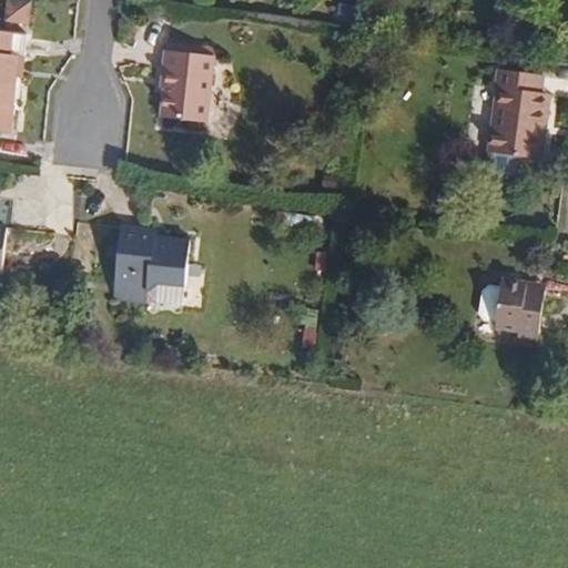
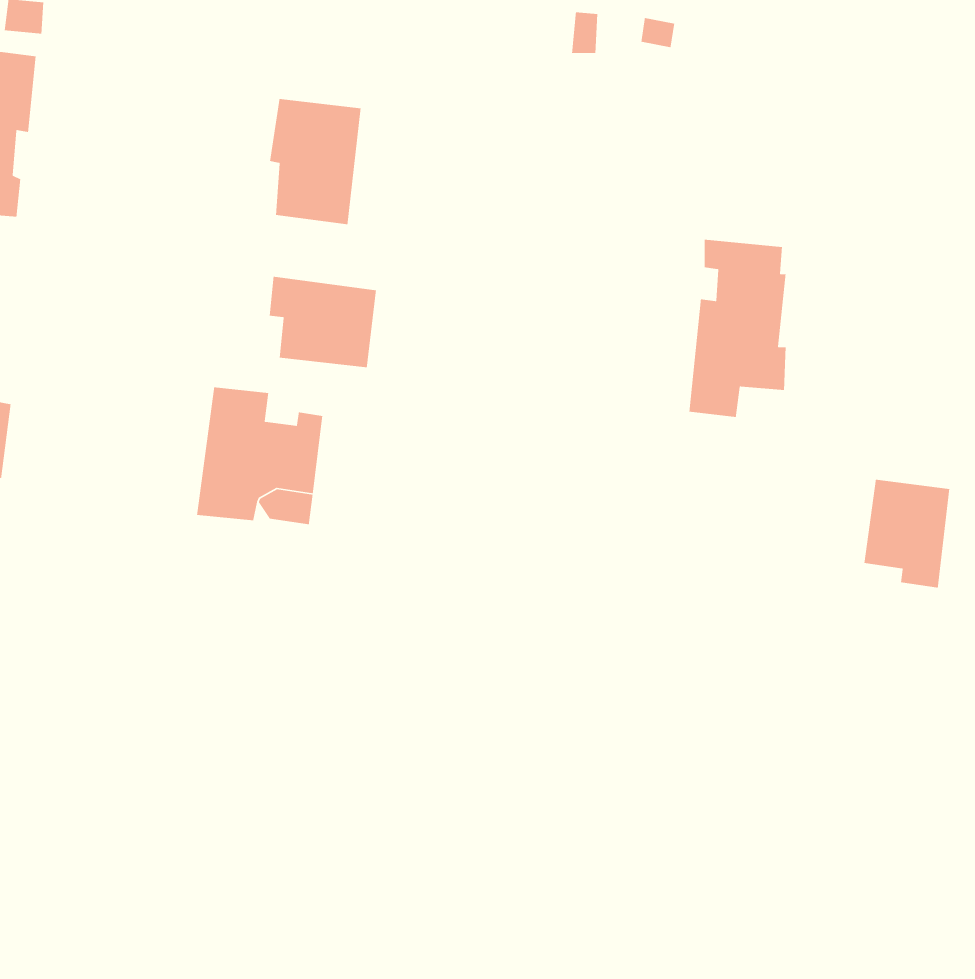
building: [487,69,544,172] -> [689,239,787,418]
building: none -> [269,276,377,368]

